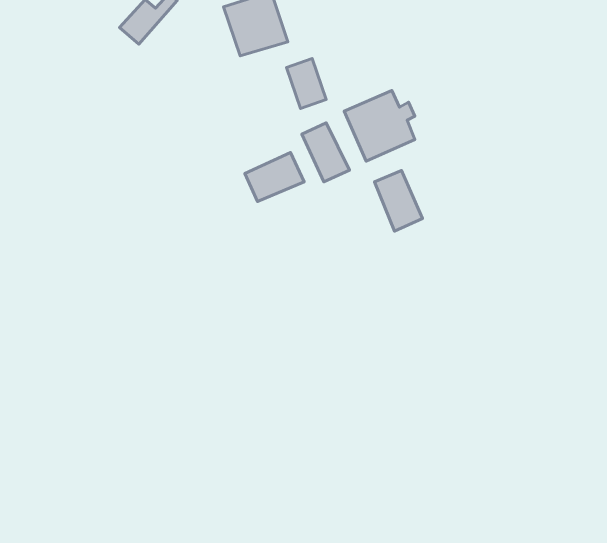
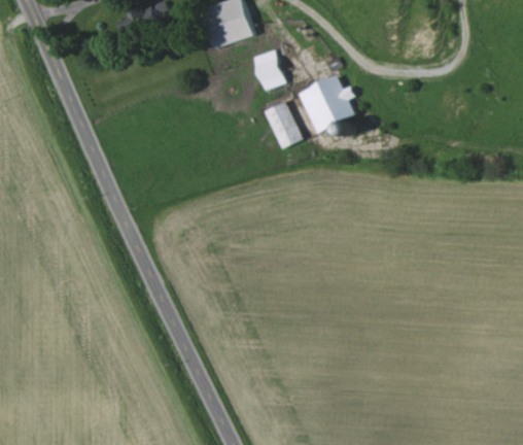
building: [245,152,304,202] -> none
building: [375,171,423,231] -> none

